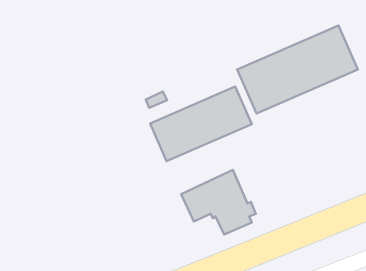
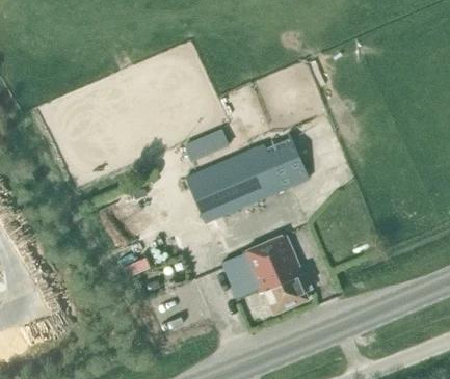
building: [237,25,358,114] -> none

